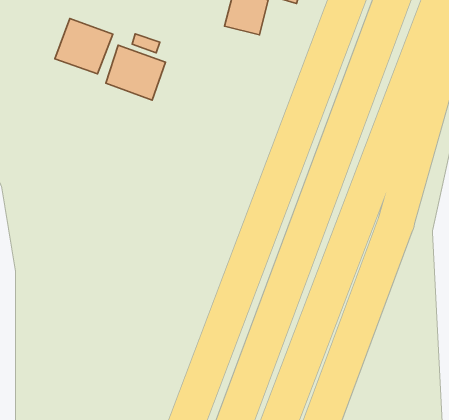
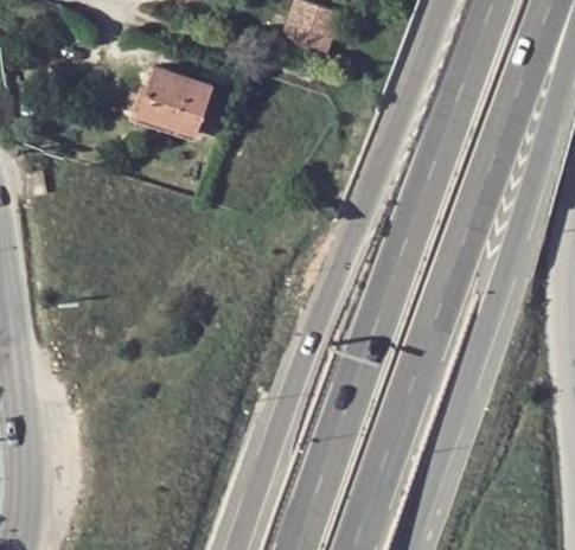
building: [55,18,113,74] -> none

